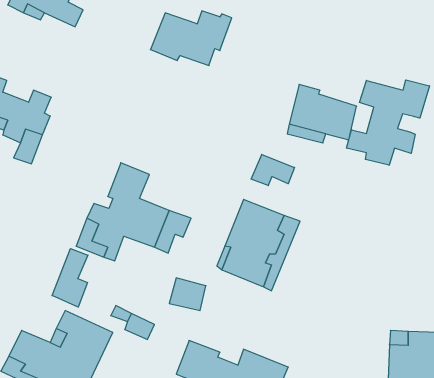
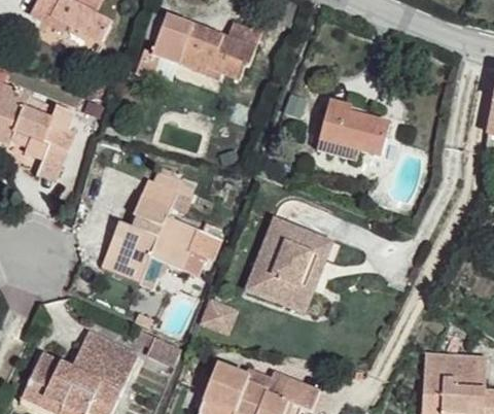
building: none -> [153,15,192,62]
building: [346,80,429,165] -> none
building: [251,154,294,186] -> none
building: [52,249,88,307] -> none

